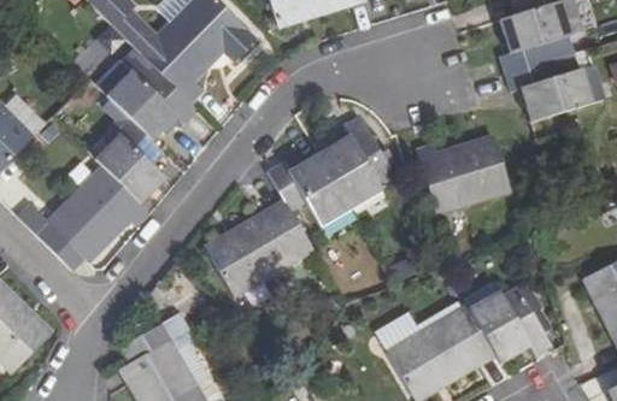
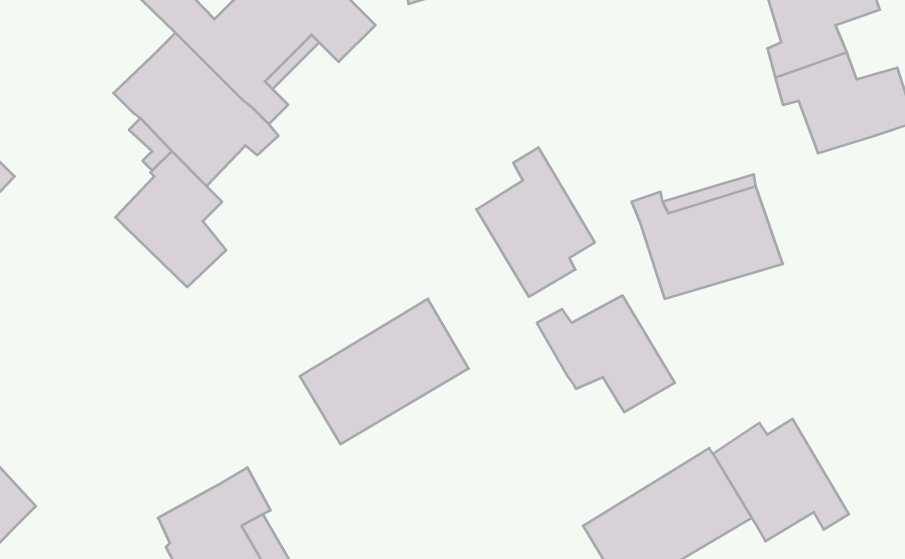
building: [266,154,352,226] -> [537,296,675,412]
building: [47,165,151,255] -> none

